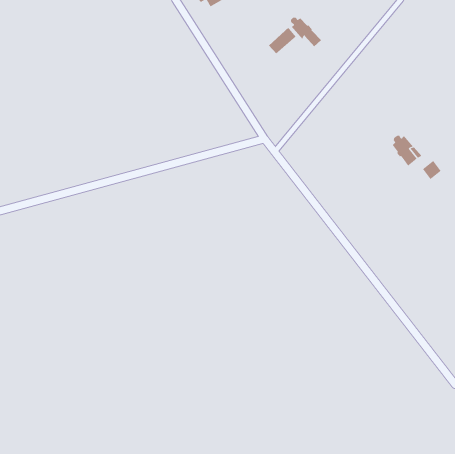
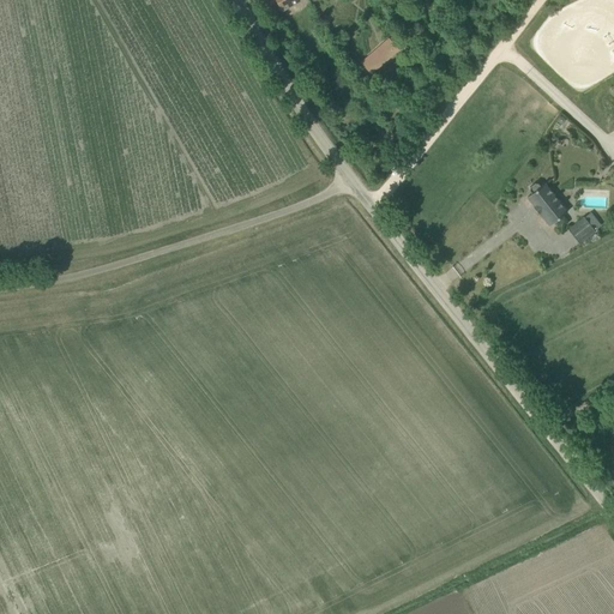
building: [291,17,322,47] -> none

